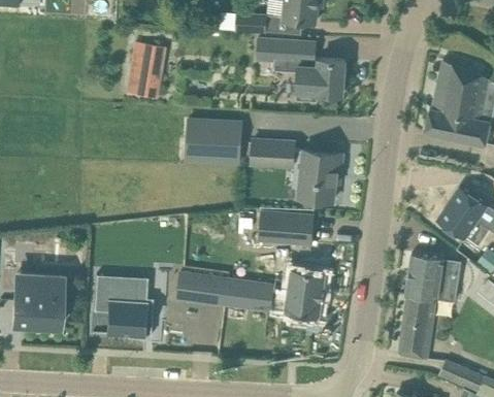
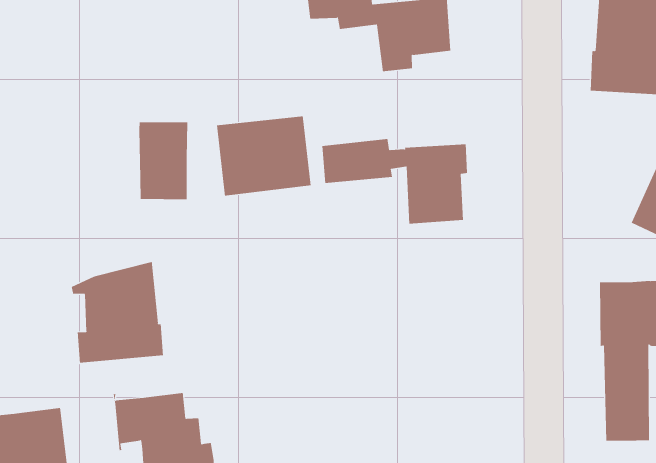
building: [128,43,166,97] -> [138,122,188,200]
building: none -> [71,261,164,364]
building: [259,211,312,244] -> none
building: [176,269,325,317] -> none

